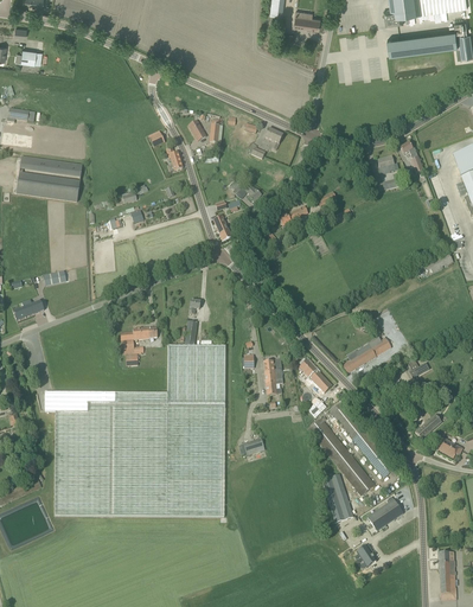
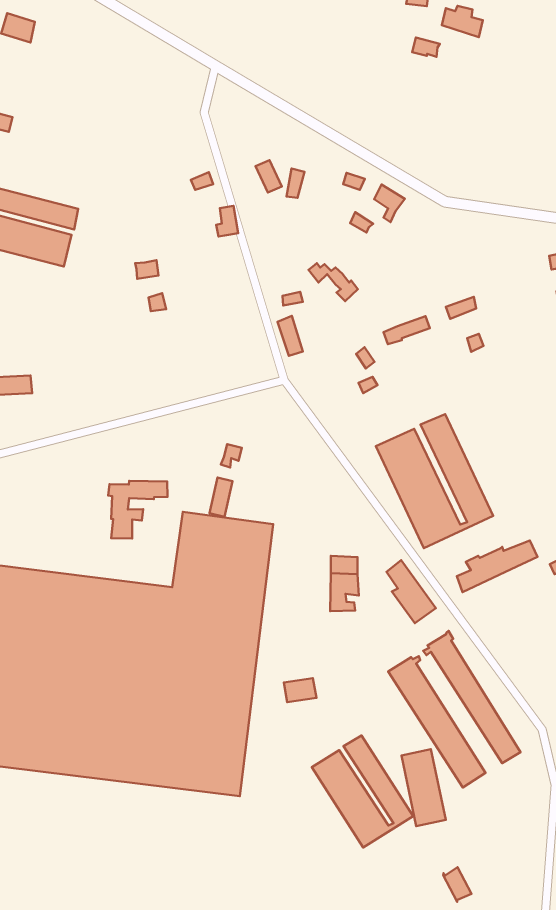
building: none -> [376,414,493,548]
building: none -> [312,736,413,847]
building: [367,499,403,530] -> none

